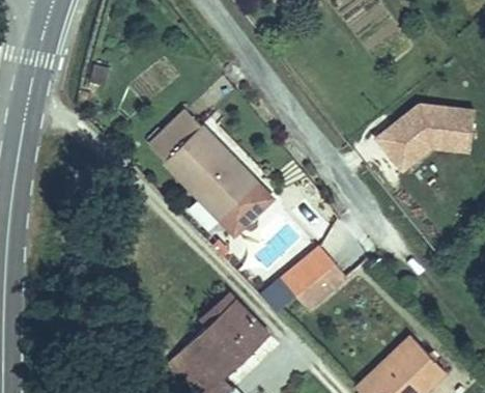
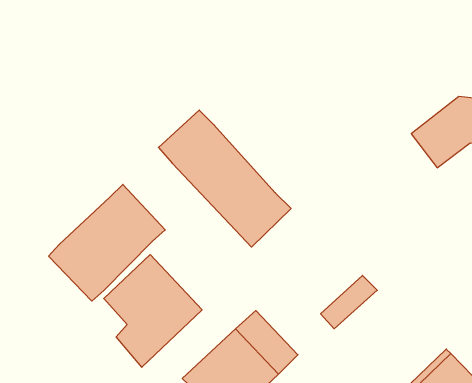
building: none -> [49,184,165,301]
building: none -> [104,255,202,367]
building: [251,247,334,325] -> none

